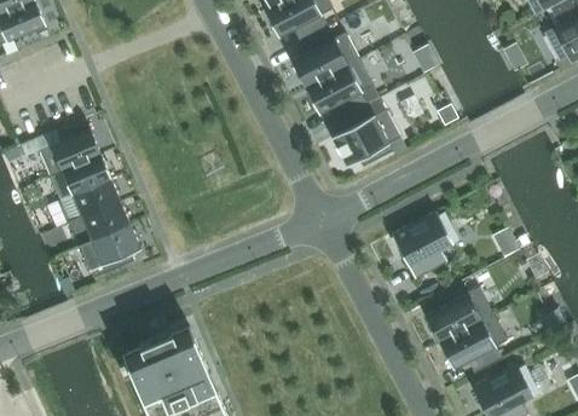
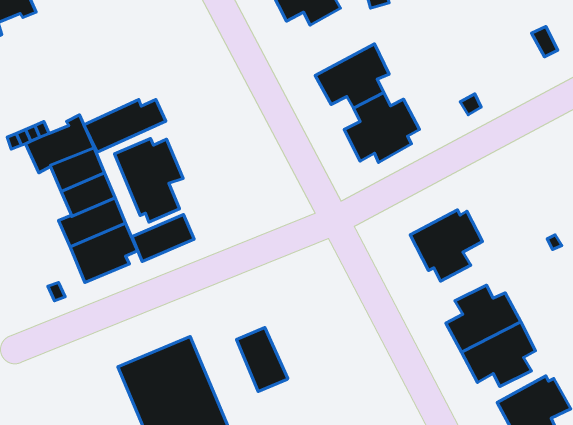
building: [290,25,359,87] -> none
building: none -> [84,99,166,152]
building: none -> [114,138,183,222]
building: none -> [132,215,194,261]
building: none -> [236,327,288,392]

